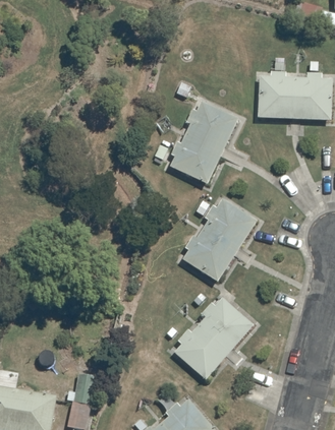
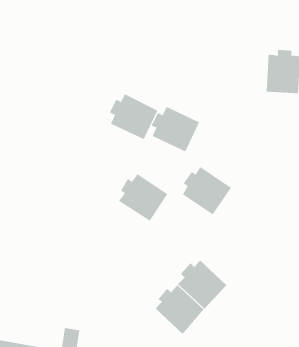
building: [258,71,296,118] -> none
building: [185,101,238,150] -> [109,94,158,140]
building: [183,229,237,281] -> [118,173,168,221]

